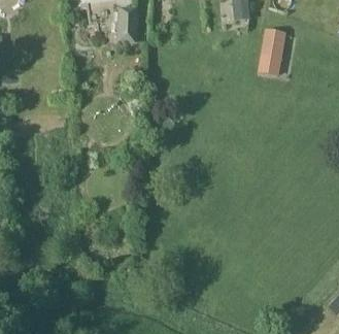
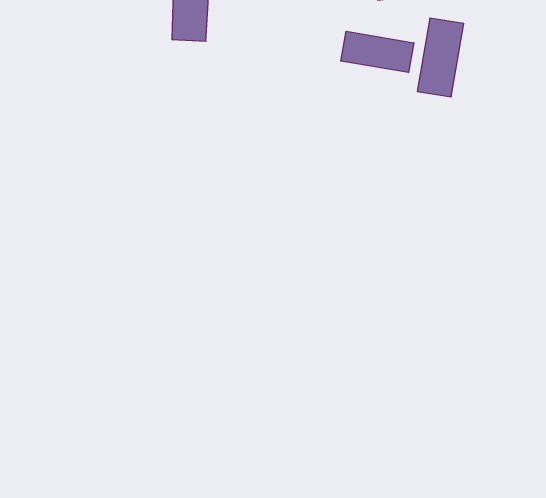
building: none -> [341,31,414,73]

